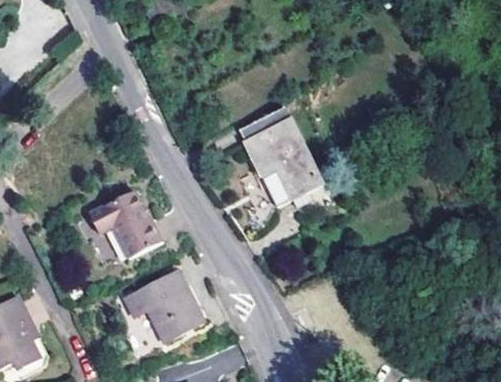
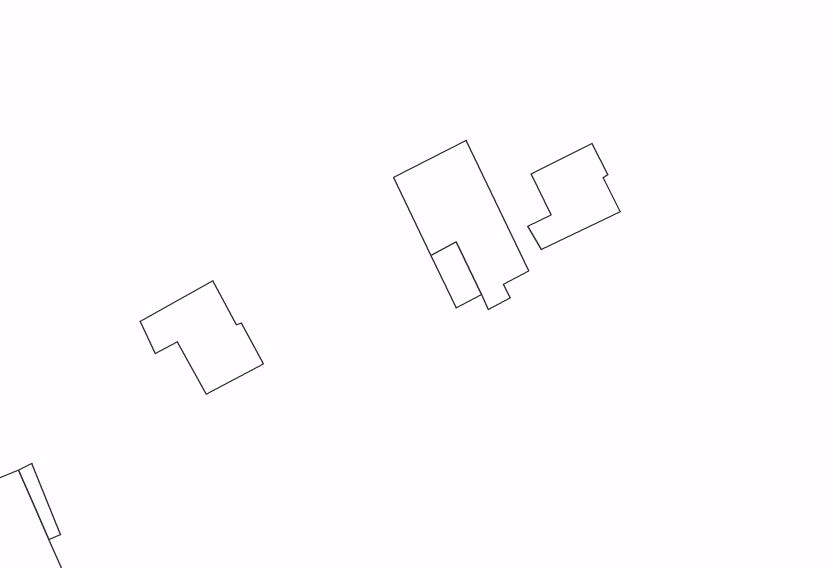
building: none -> [528,143,620,250]
building: [122,270,202,341] -> none

